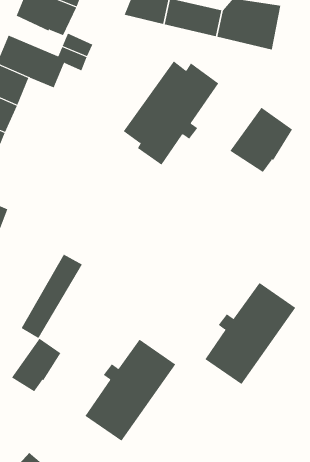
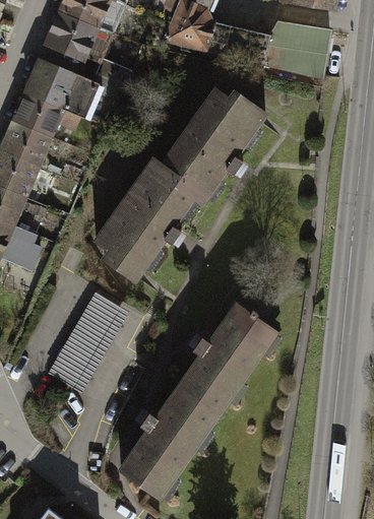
building: [230,107,293,173] -> none
building: none -> [96,158,203,278]
building: [205,282,296,385] -> [179,303,276,412]
building: [11,338,61,392] -> none

